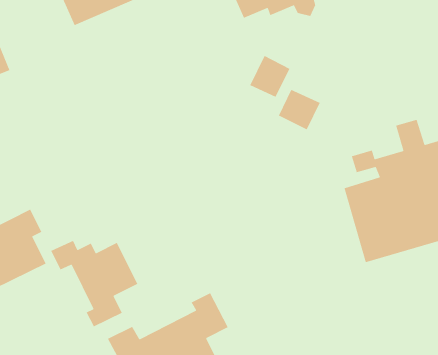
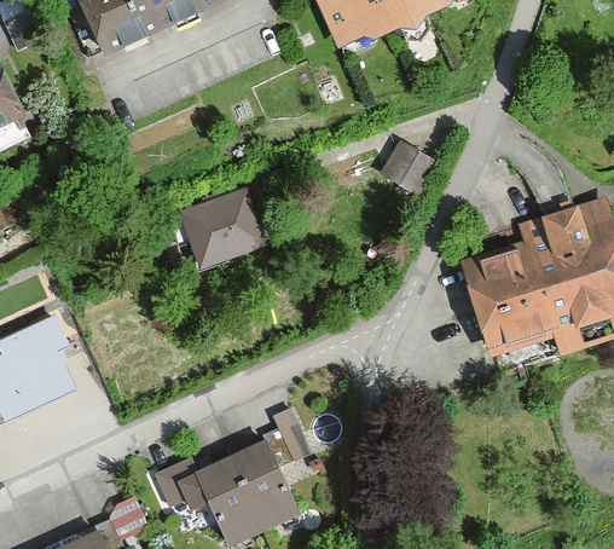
building: [249,55,290,98] -> none
building: none -> [164,187,265,266]
building: [50,240,138,328] -> none

